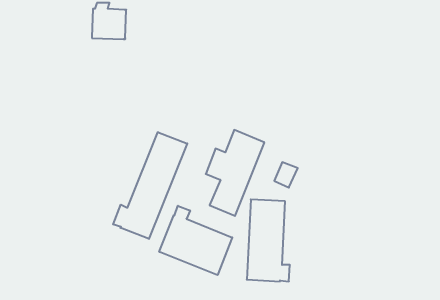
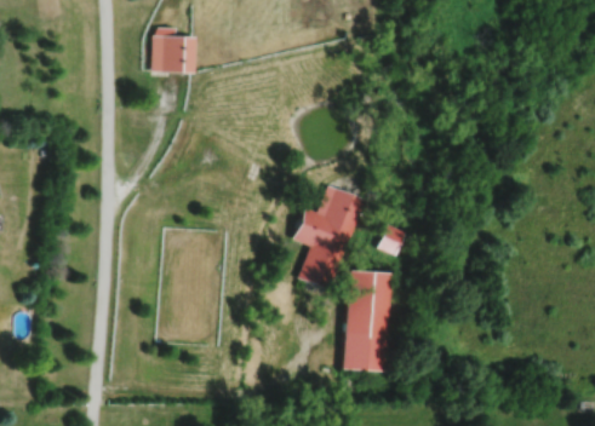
building: [113,132,187,239] -> none
building: [159,206,232,275] -> none

